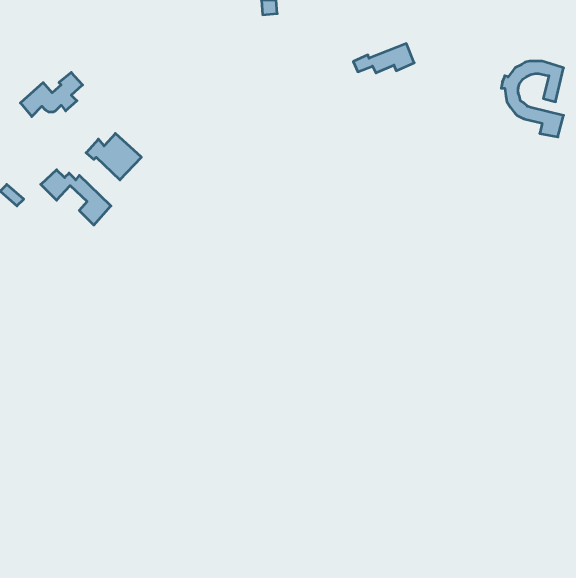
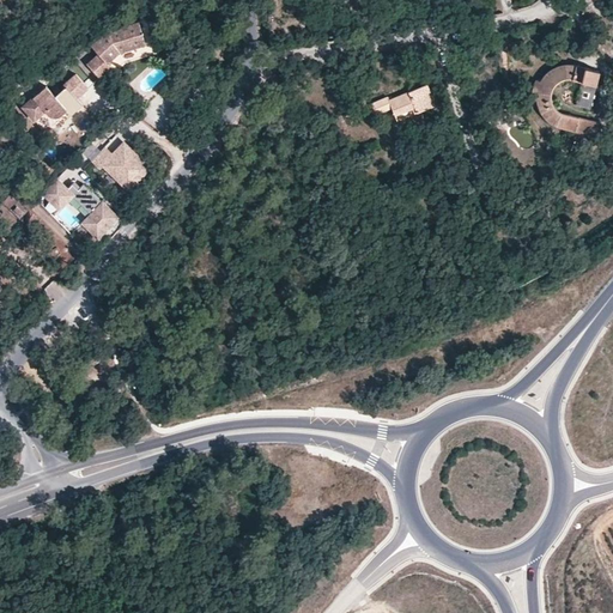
building: none -> [86,25,145,81]
building: [353,44,414,73] -> [369,84,433,115]

